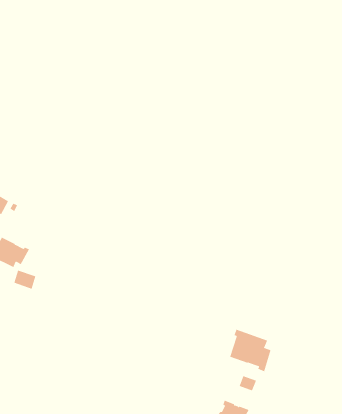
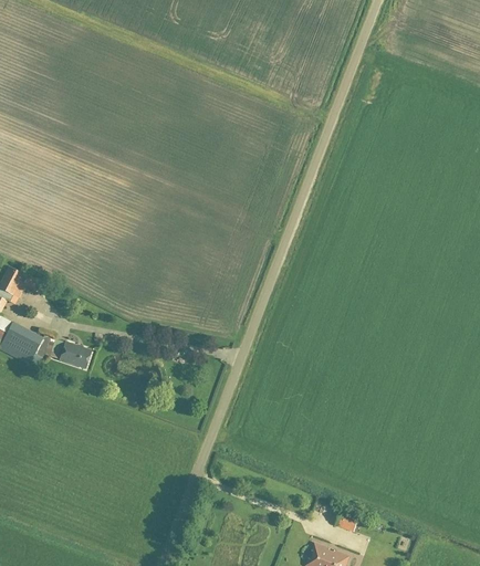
building: [13,270,36,289] -> [61,342,92,368]
building: [230,329,271,372] -> none

